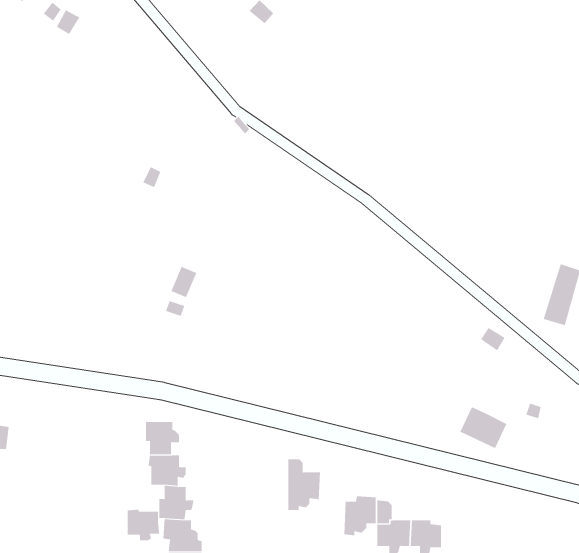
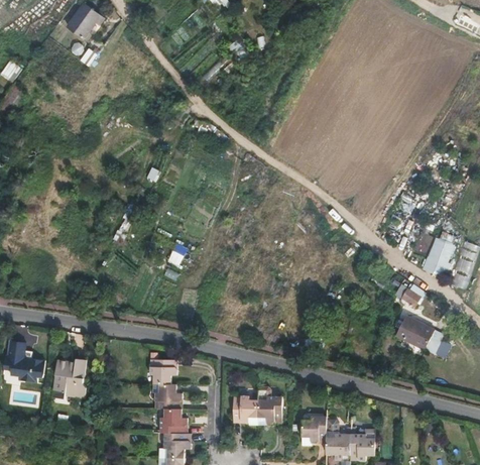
building: none -> [425,234,459,274]
building: [459,406,507,449] -> [398,314,435,346]
building: none -> [54,358,86,396]
building: none -> [232,395,257,426]
building: [127,509,160,541] -> none

